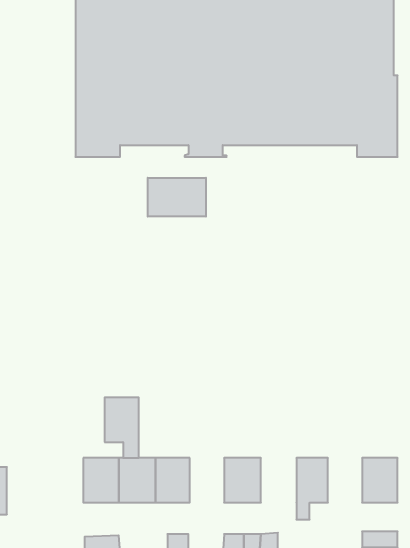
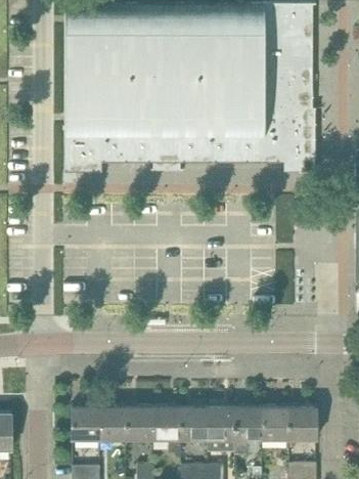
building: [148,178,206,217] -> none
building: [105,397,139,458] -> [153,406,180,453]
building: none -> [209,406,236,441]
building: none -> [261,406,287,441]

